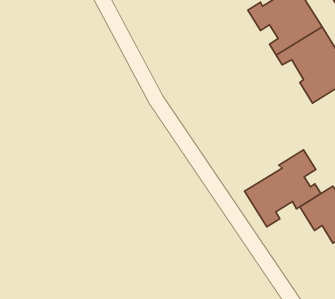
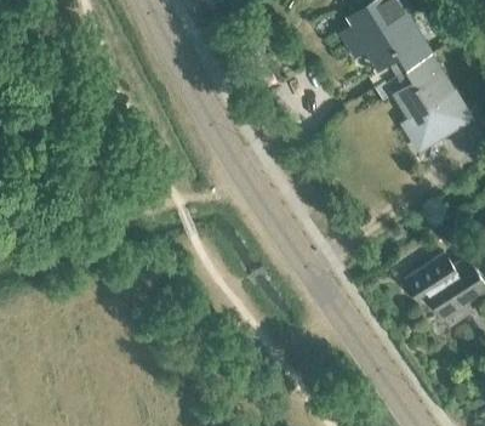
building: [245,150,321,227] -> none

